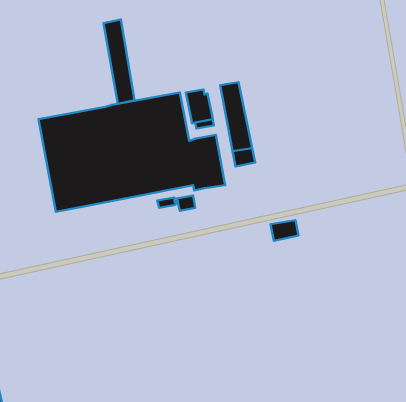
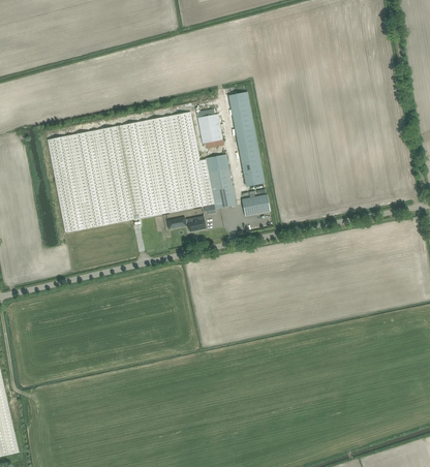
building: [103,19,135,104] -> none
building: [271,220,298,241] -> [241,194,269,215]

